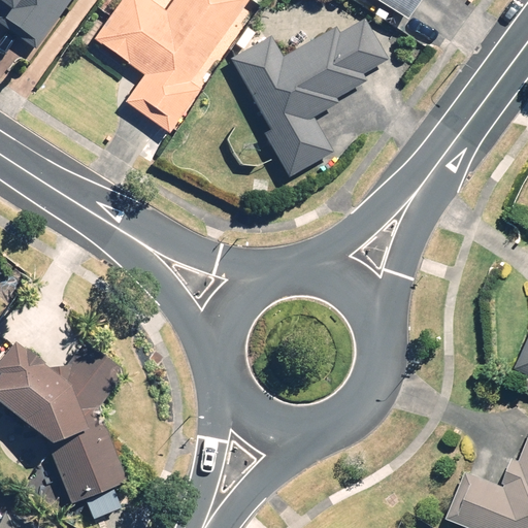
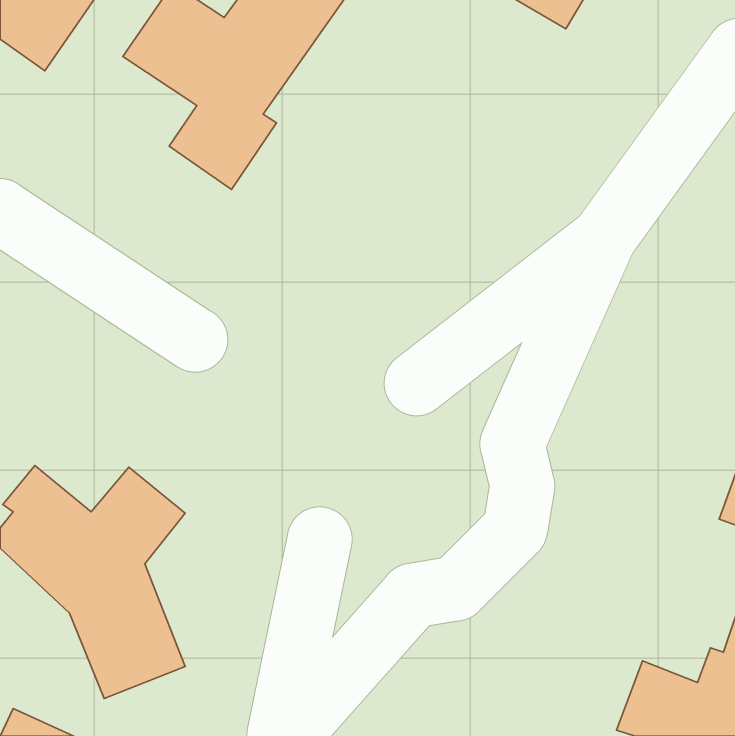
building: [227,20,387,178] -> none

